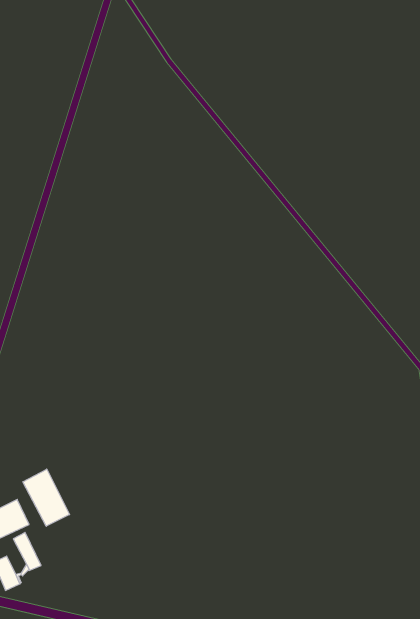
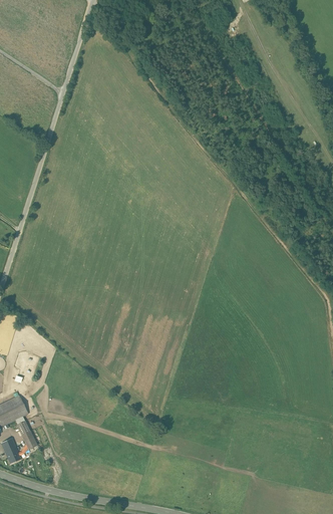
building: [23,469,70,526] -> none

